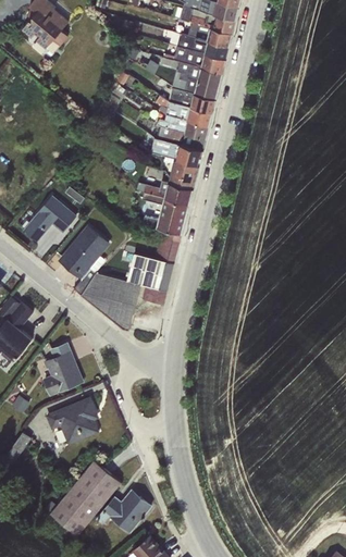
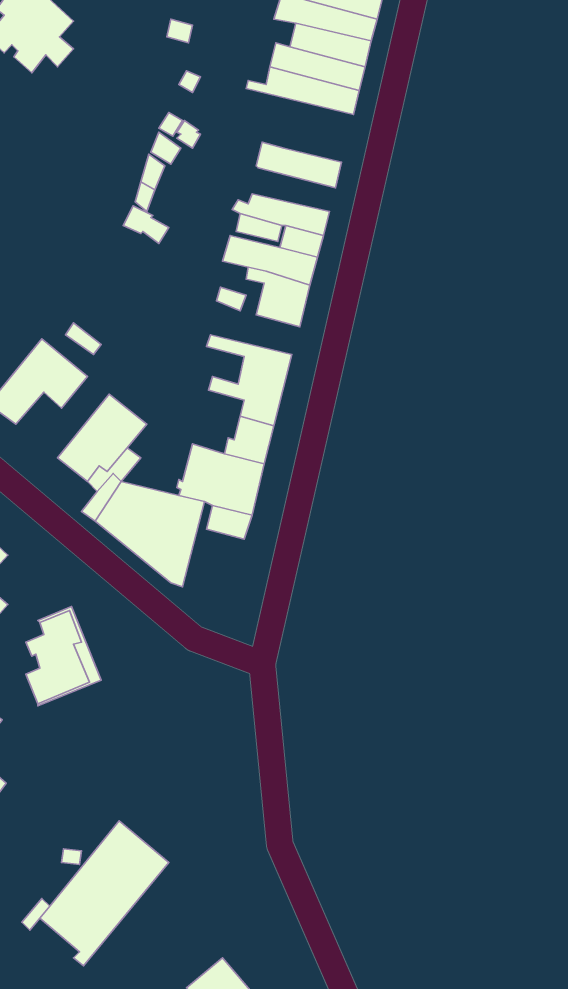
building: [160,58,222,98] -> none
building: [155,96,212,125] -> none
building: [136,180,193,203] -> none
building: [46,396,99,445] -> none
building: [95,488,152,533] -> none

